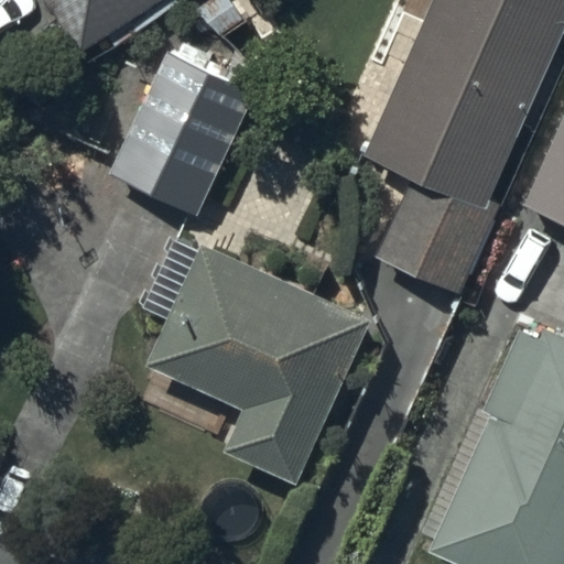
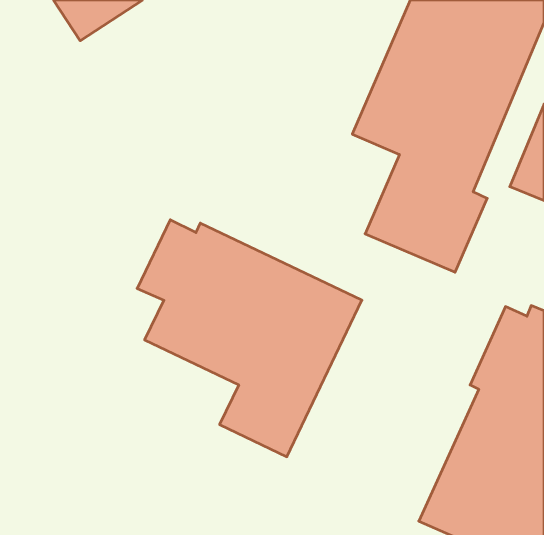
building: [108,52,257,219] -> none

